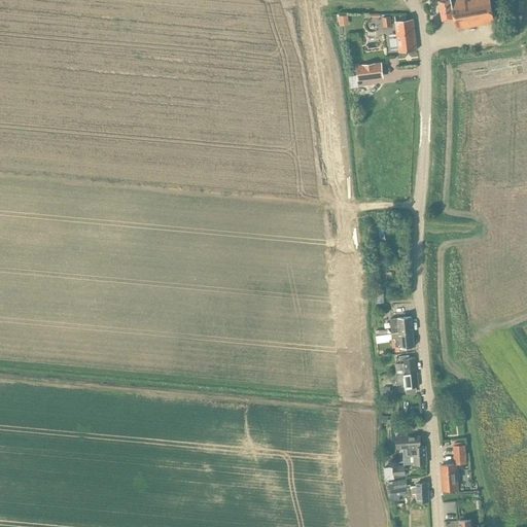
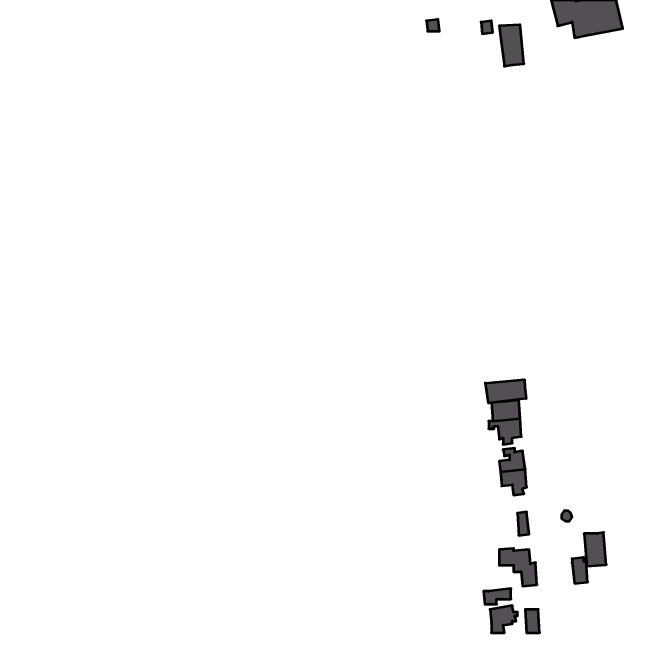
building: [355,62,383,81] -> none
building: none -> [485,380,526,403]
building: [440,464,457,491] -> [584,532,606,566]

